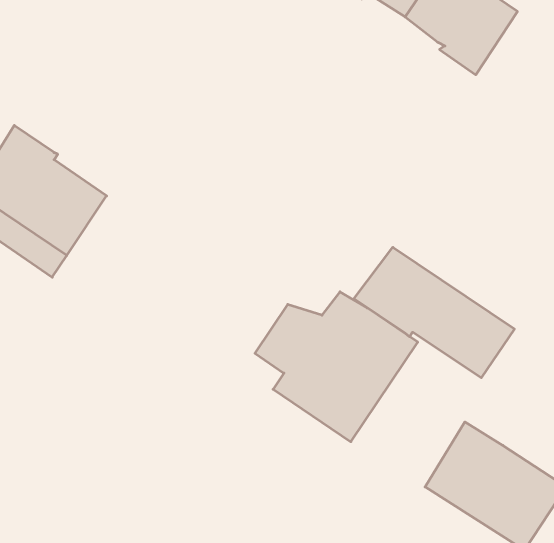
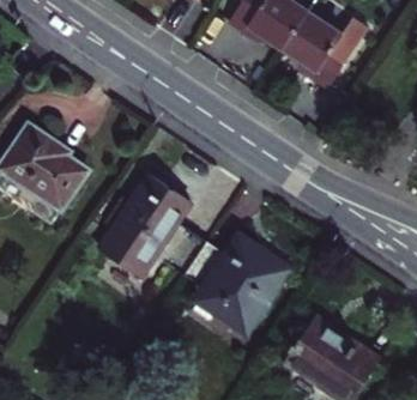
building: none -> [98,174,205,274]
building: [354,247,514,378] -> none

